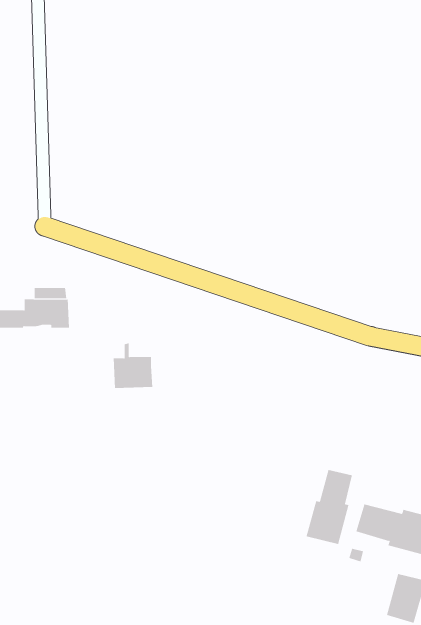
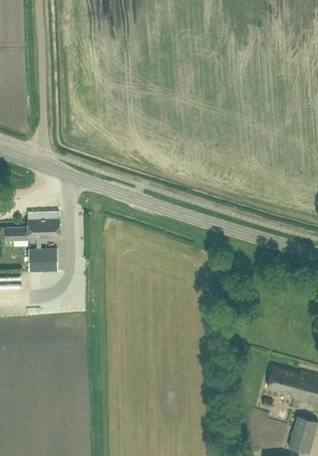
building: [113,343,153,389] -> [28,239,57,272]
building: [306,469,352,545] -> none

